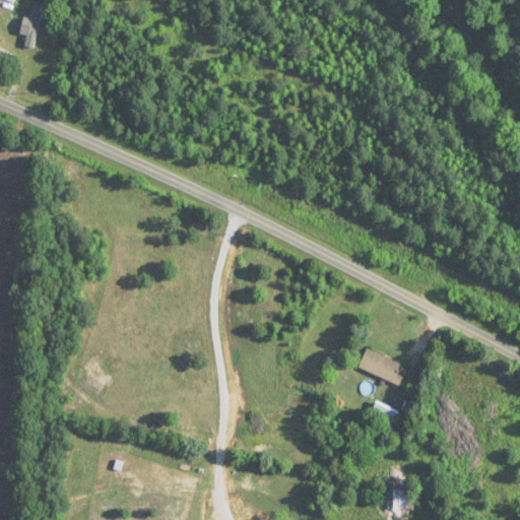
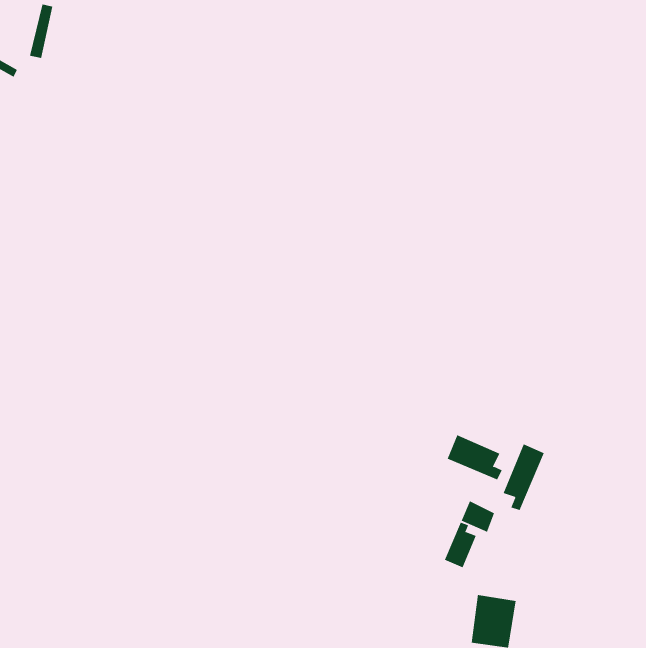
building: none -> [503,444,545,511]
building: none -> [444,522,476,568]

